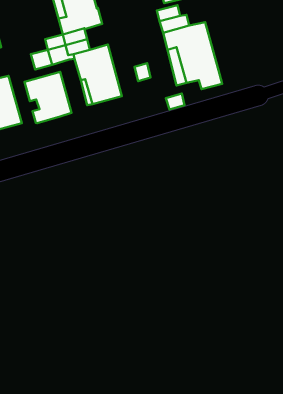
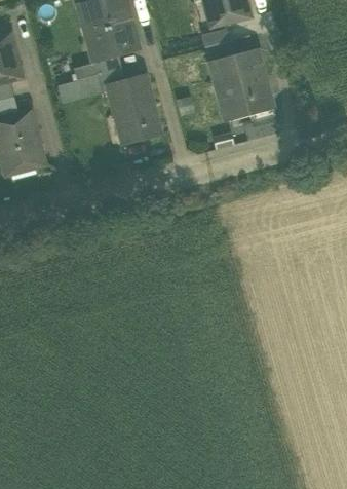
building: [25,72,72,123] -> none

